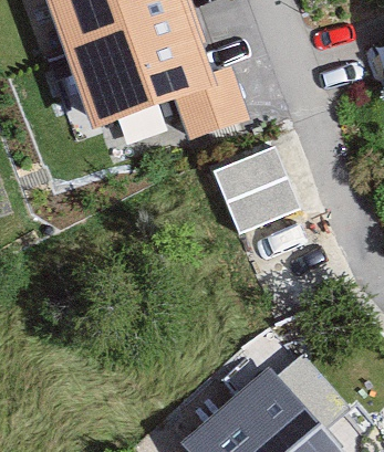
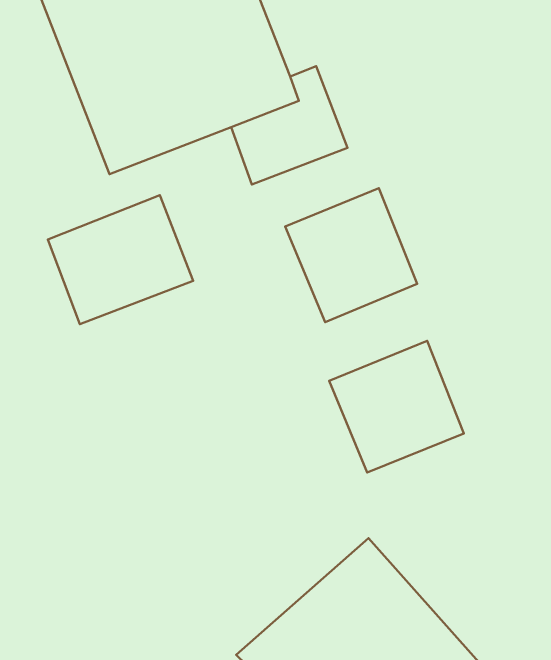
building: none -> [48,195,193,324]
building: none -> [329,341,464,472]

